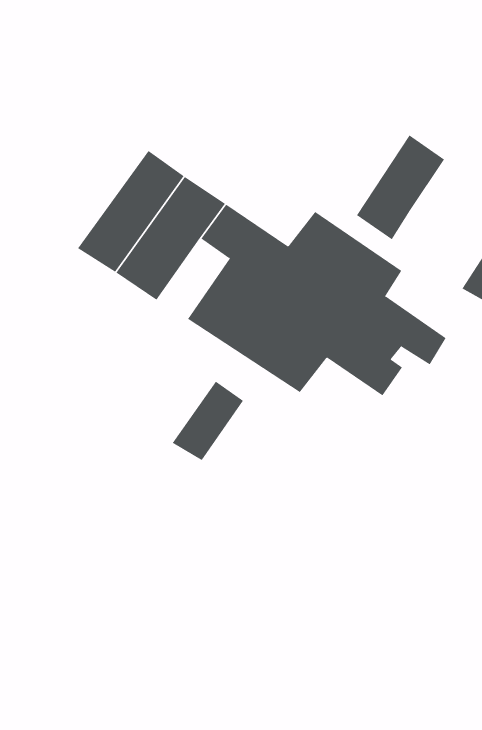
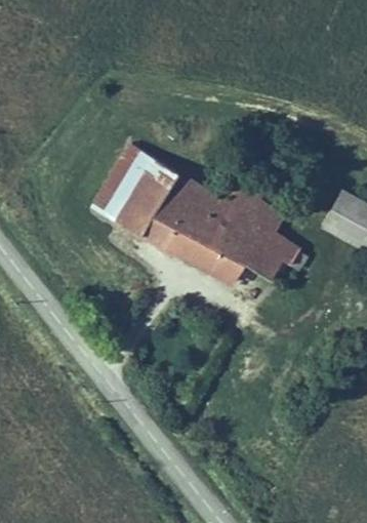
building: [356,135,445,240] -> none
building: [172,381,244,461] -> [141,202,182,251]

